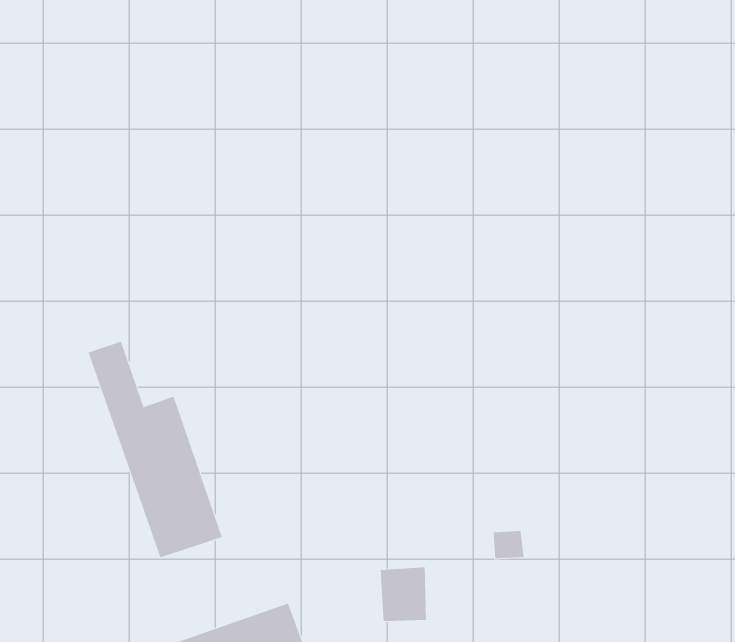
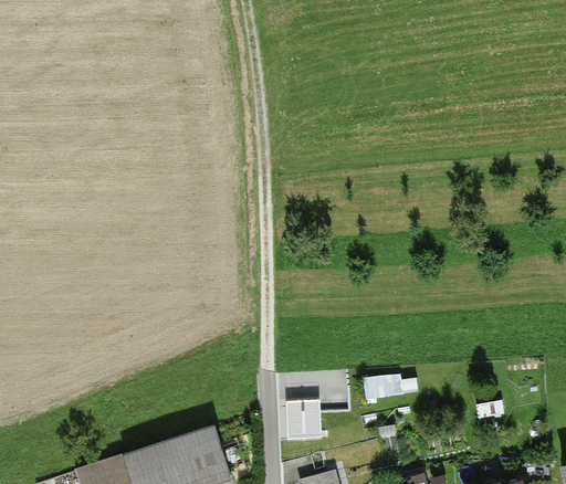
building: [88,341,223,558] -> none

